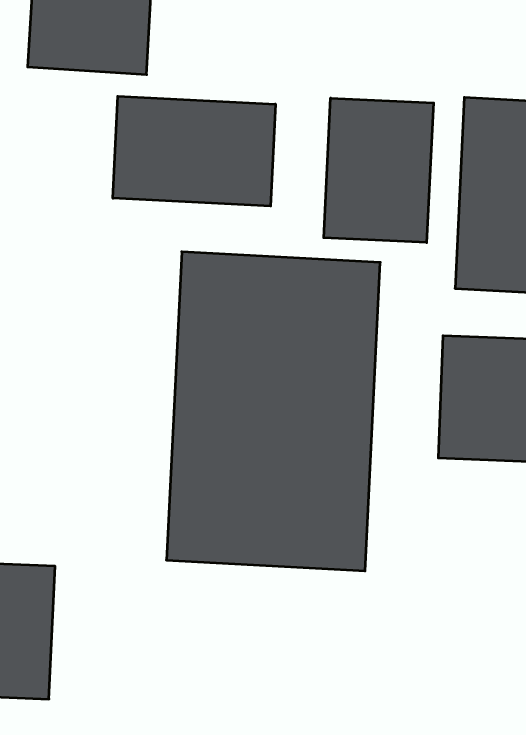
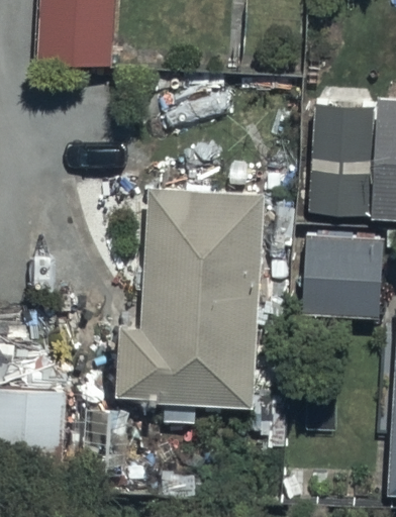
building: [113,96,275,206] -> none
building: [324,98,434,243] -> none

